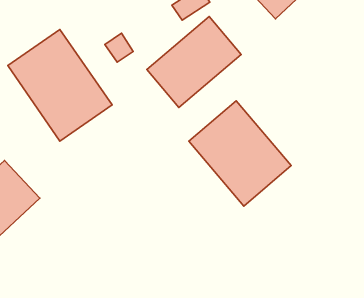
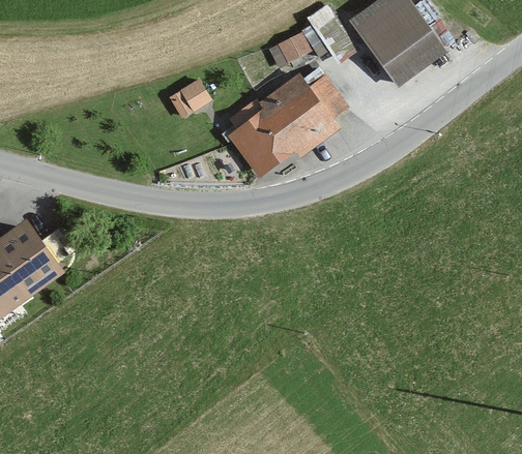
building: [8,29,112,141] -> none
building: [189,101,291,206] -> none

